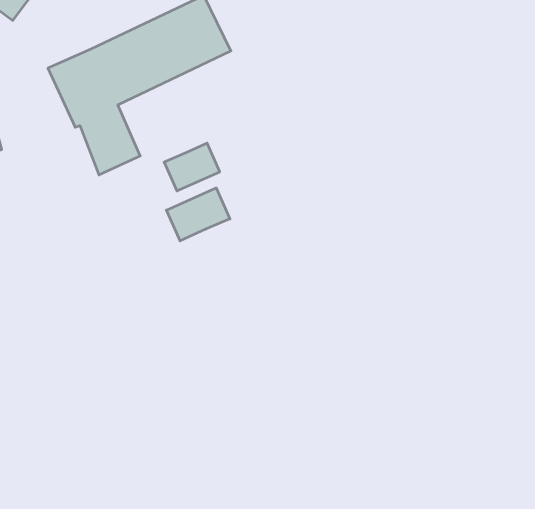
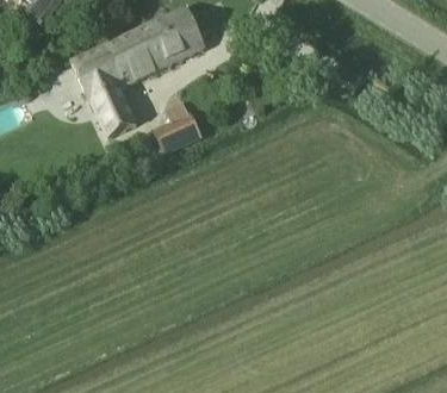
building: [166,188,230,241] -> none

